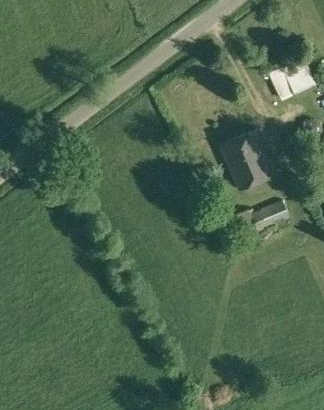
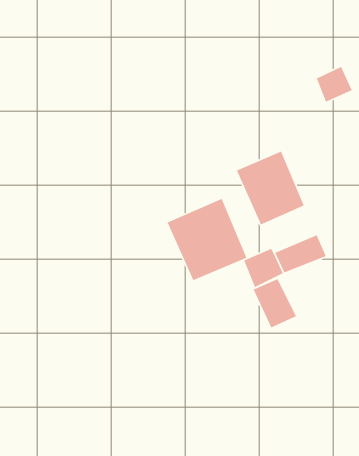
building: none -> [166,198,247,281]
building: none -> [252,278,297,329]

